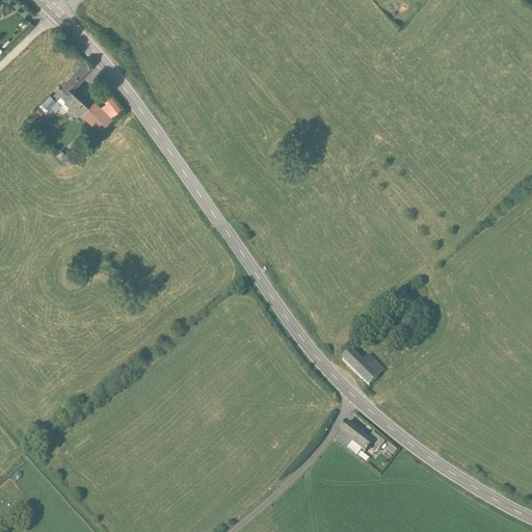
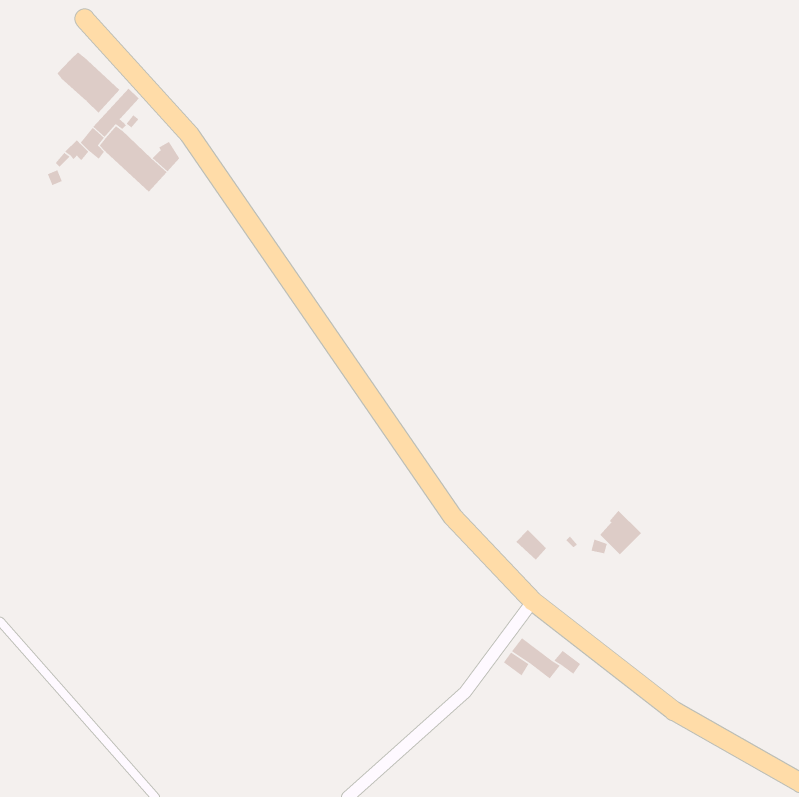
building: none -> [56,51,120,113]
building: [356,355,384,385] -> [599,510,642,555]

